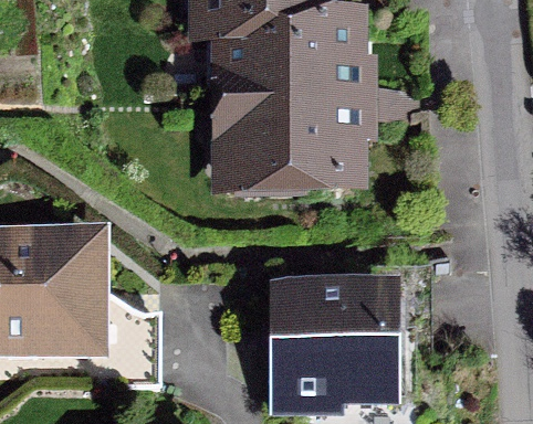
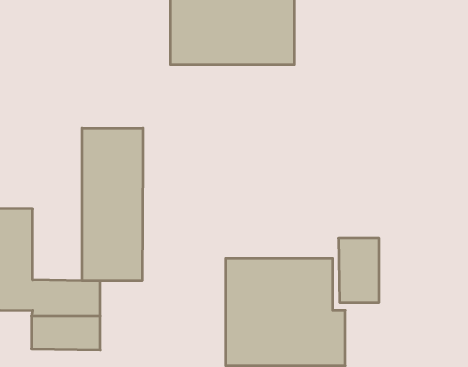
building: [220,104,342,181] -> none
building: none -> [82,128,143,281]

